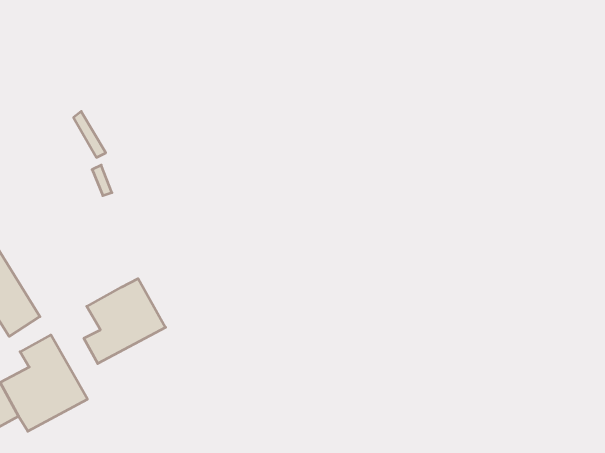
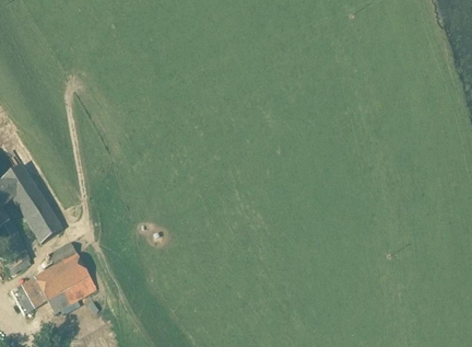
building: [84,279,166,364] -> none

